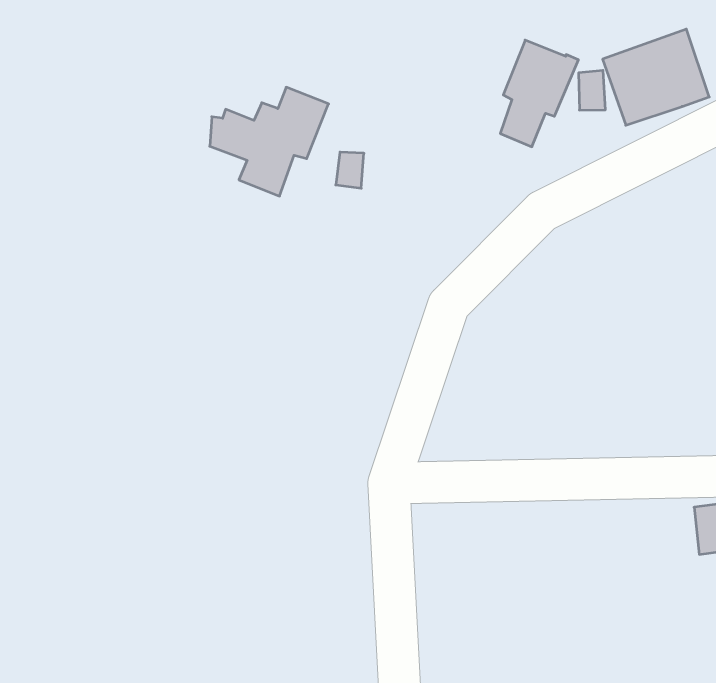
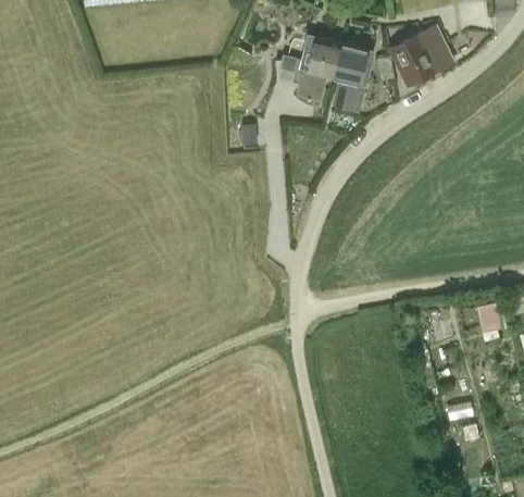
building: [210,87,329,196] -> [274,39,341,103]

